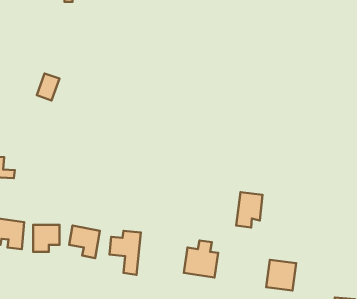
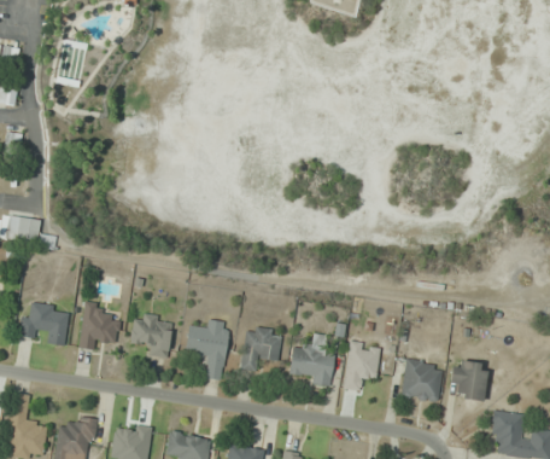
building: [37,73,60,101] -> [57,41,88,79]
building: [236,192,262,227] -> [344,342,380,390]
building: none -> [240,326,281,371]
building: none -> [451,360,486,400]

